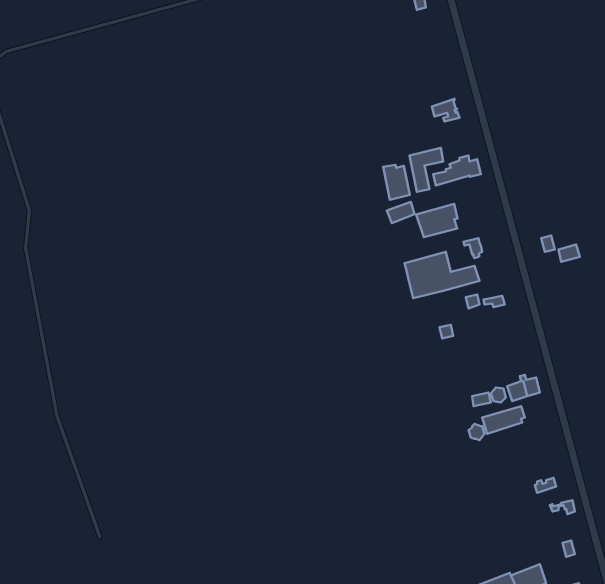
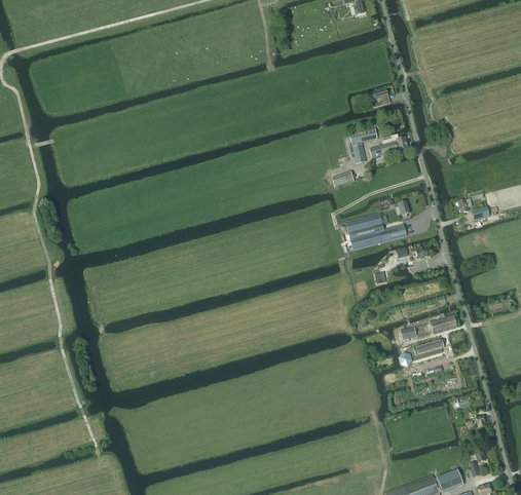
building: [383,165,410,200] -> none
building: [416,204,458,237] -> none

